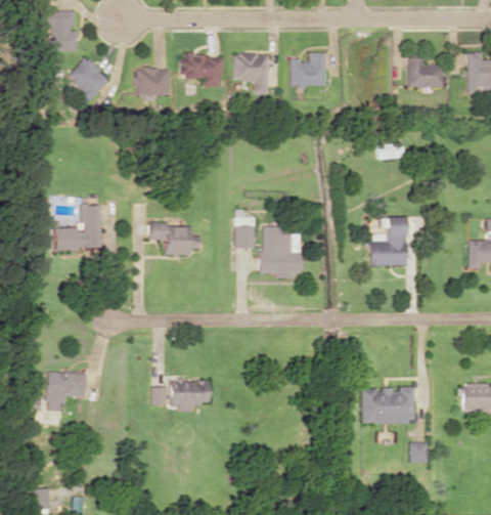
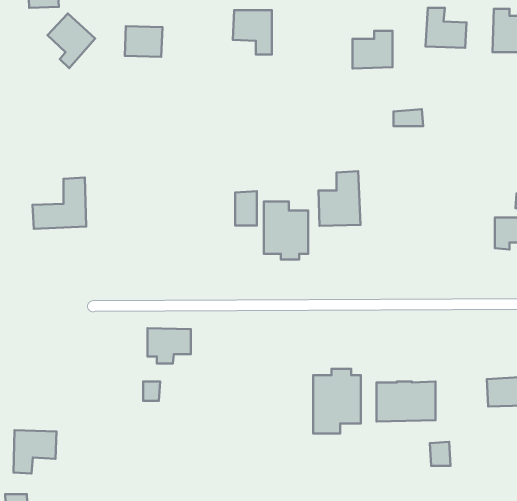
building: [289,53,325,87] -> [352,31,392,68]
building: [182,55,222,87] -> none
building: [369,217,407,266] -> [318,171,361,226]
building: [149,225,198,255] -> none
building: [46,373,85,412] -> [13,430,57,474]
building: none -> [313,369,361,434]
building: [171,380,210,412] -> [148,328,191,363]

